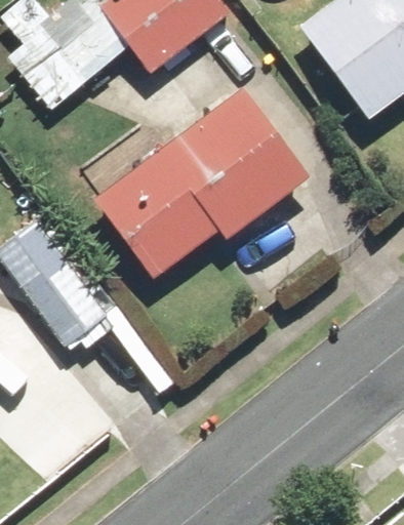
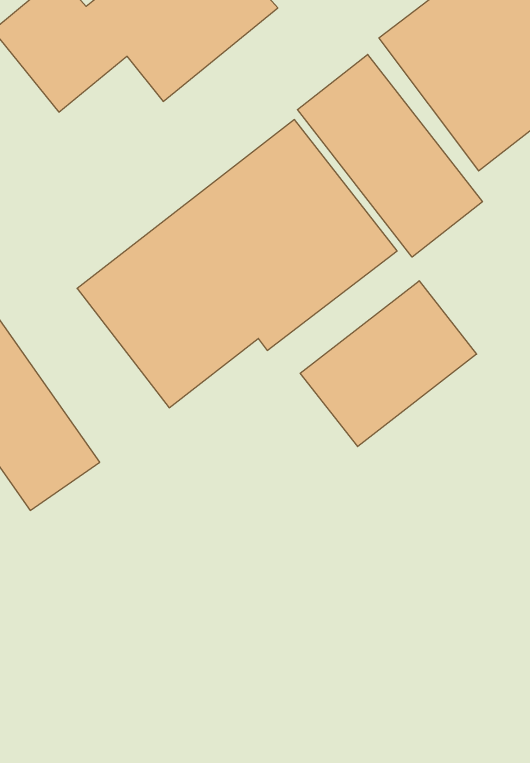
building: none -> [297,54,482,257]
building: none -> [300,281,477,447]

